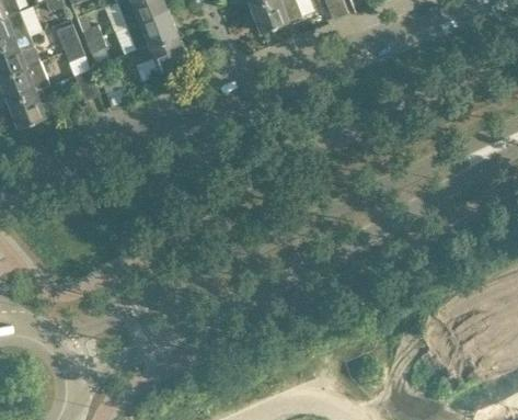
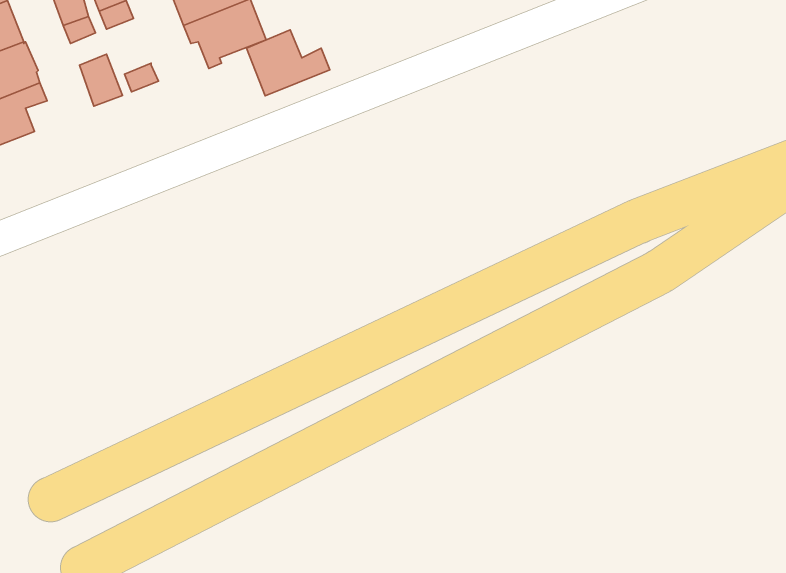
building: none -> [246,30,330,96]

